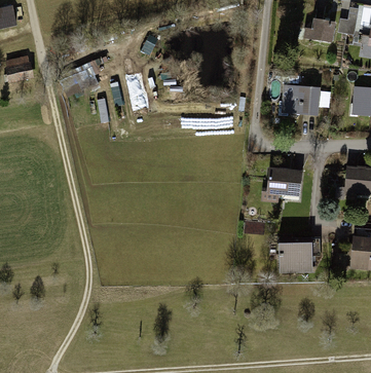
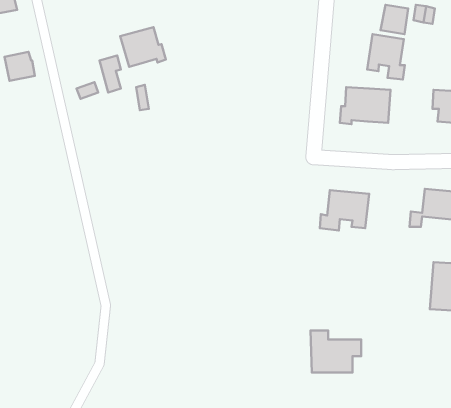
building: none -> [120,27,166,67]
building: none -> [367,34,405,80]
building: [277,235,319,269] -> [311,331,361,372]

